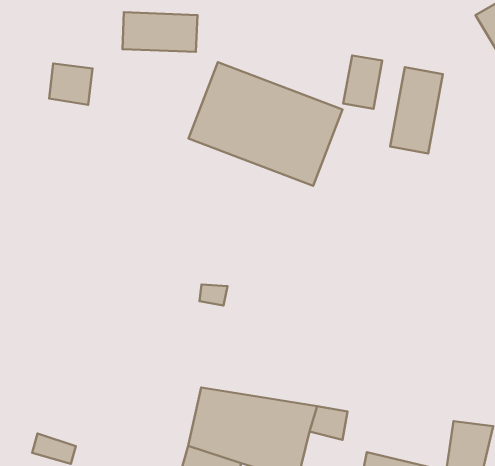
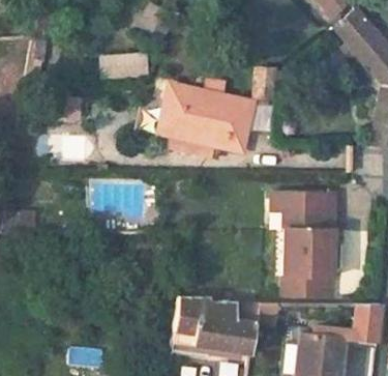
building: [390,67,443,153] -> none
building: none -> [285,190,339,297]

